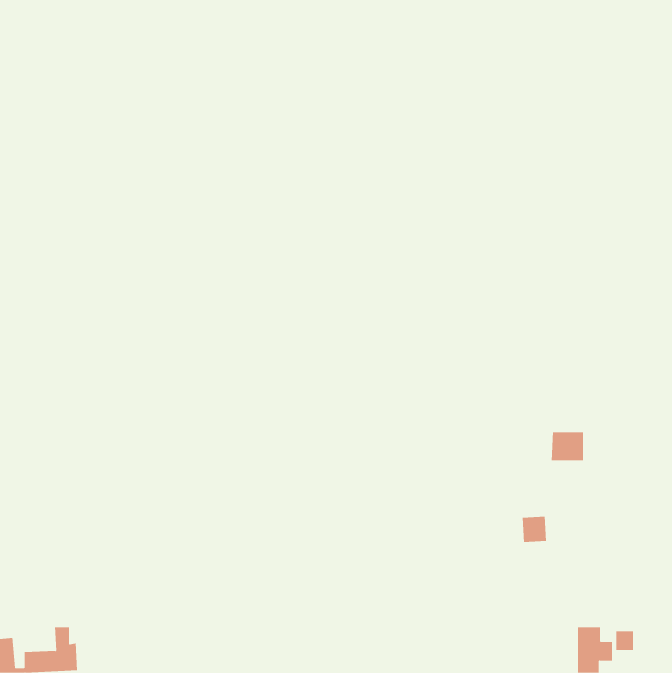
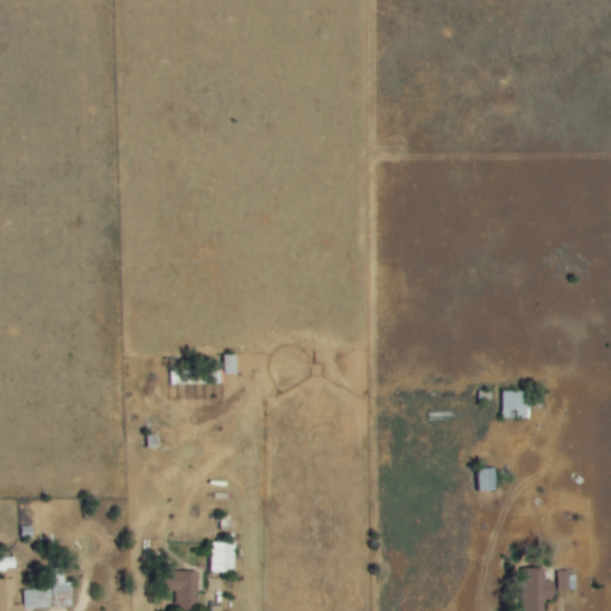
building: none -> [210,542,234,572]
building: none -> [166,570,197,600]

